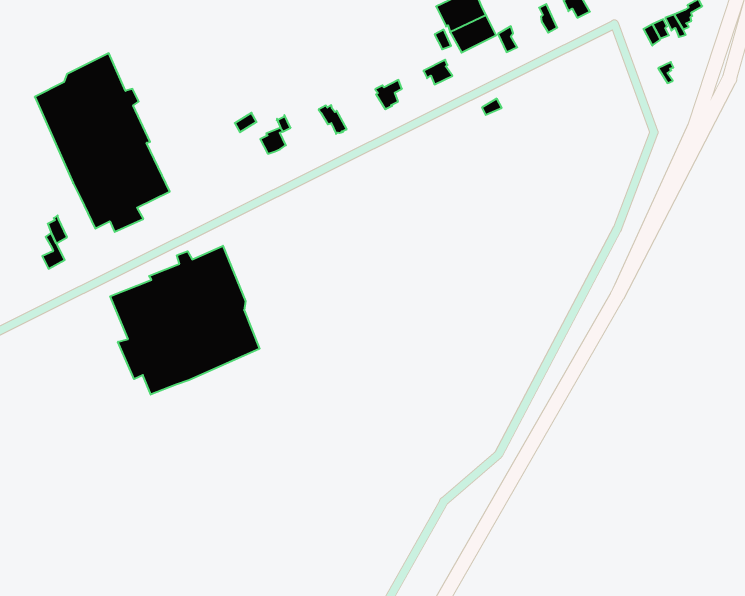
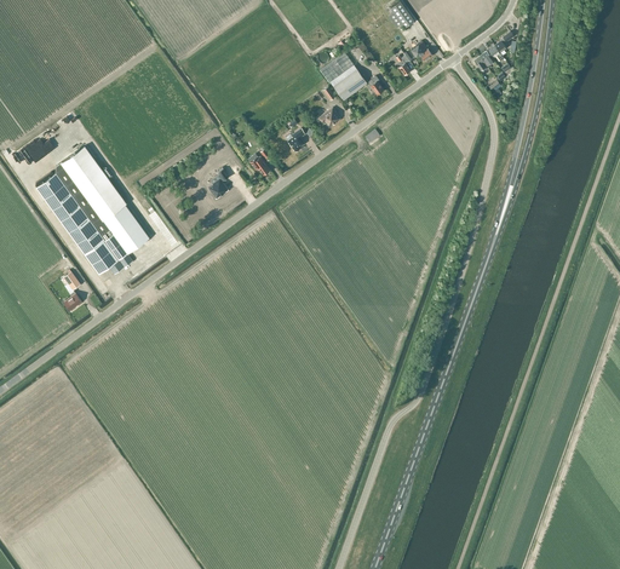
building: [110,246,260,395] -> none

